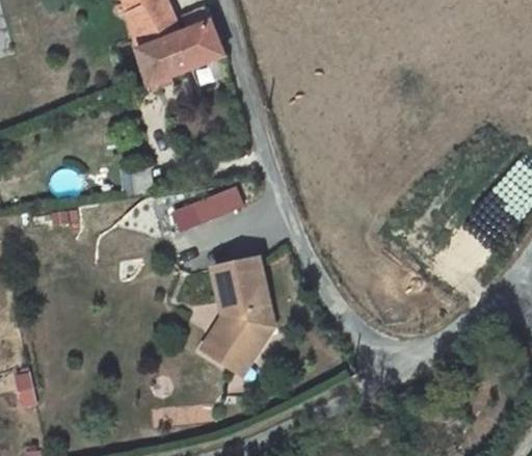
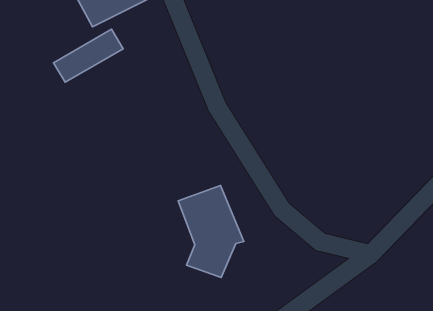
building: [166,183,240,232] -> [54,29,123,82]
building: [209,326,278,376] -> none

